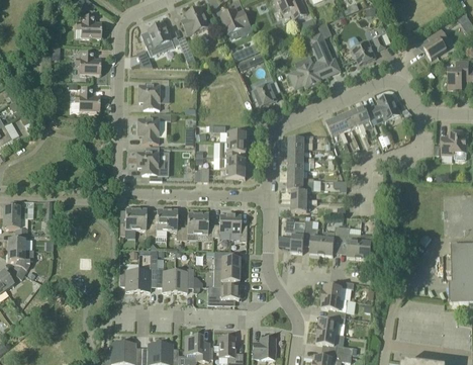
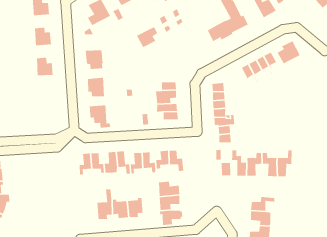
building: [253,81,280,106] -> [136,26,158,48]
building: [119,264,137,290] -> none

